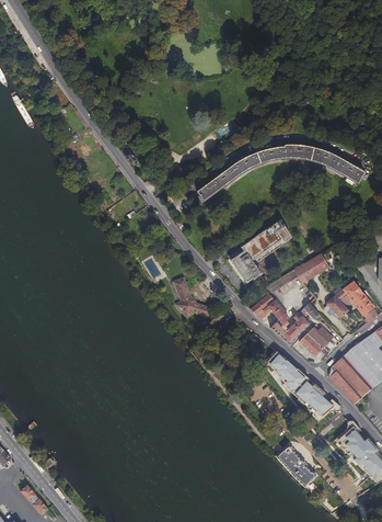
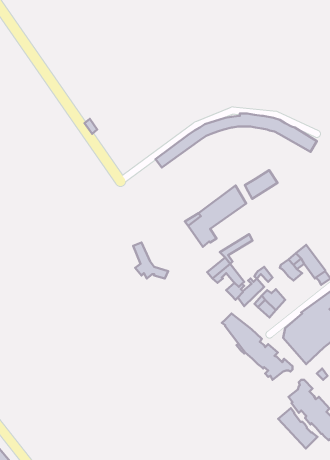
building: [294,253,328,283] -> [245,170,278,199]
building: [276,444,316,486] -> [278,408,317,448]

